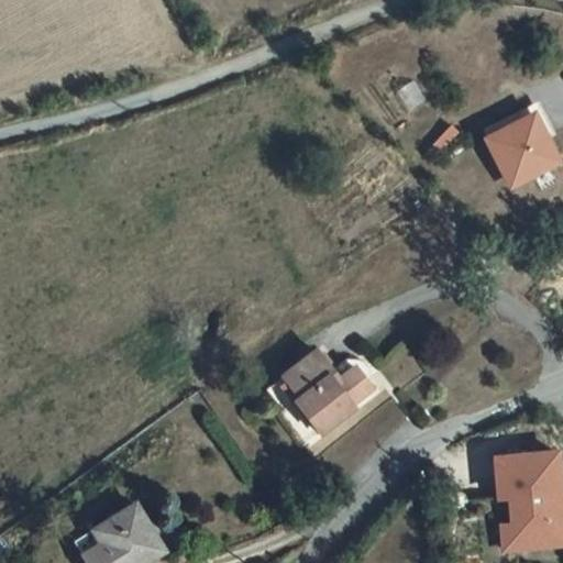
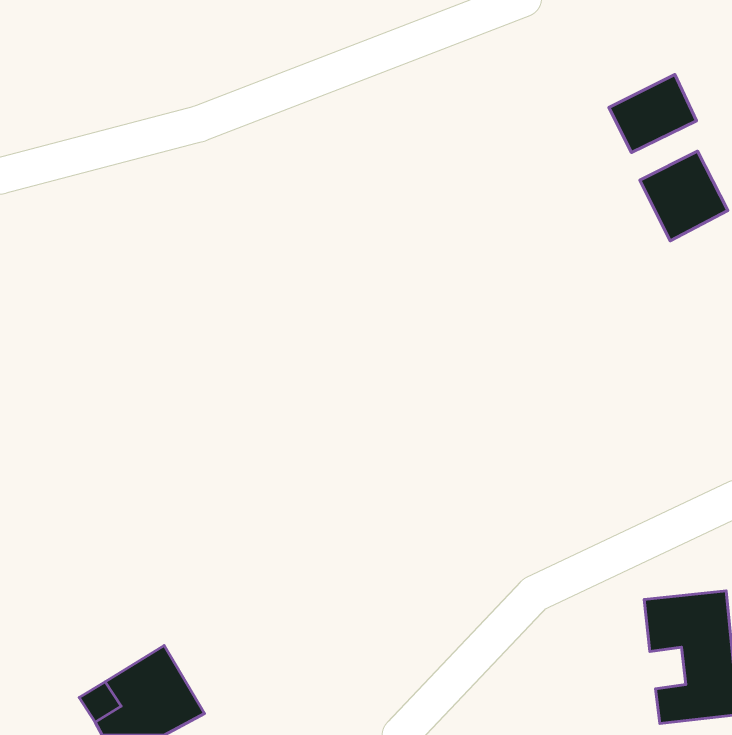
building: none -> [609,74,696,153]
building: [272,352,376,434] -> none

